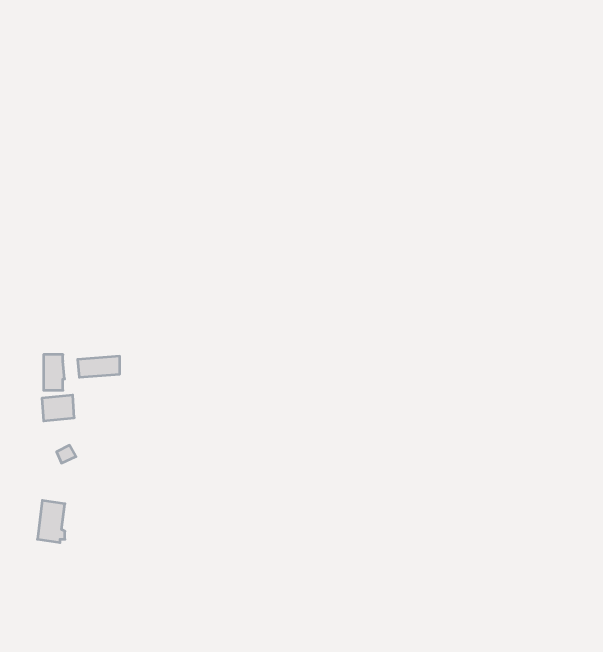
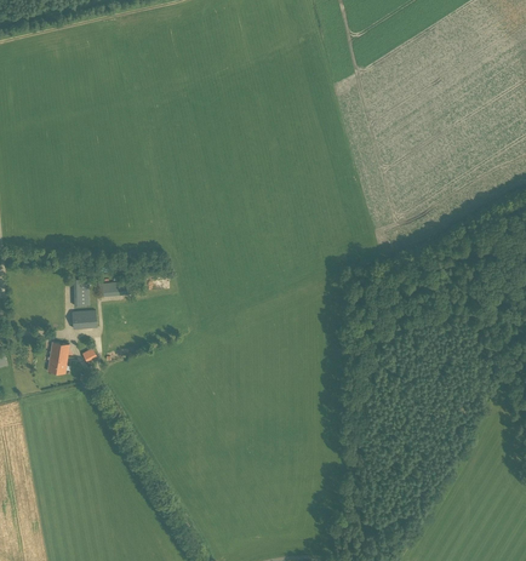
building: [37,500,65,543] -> [47,343,68,374]

